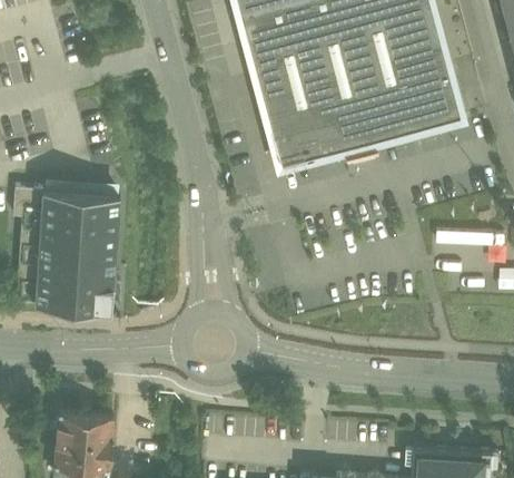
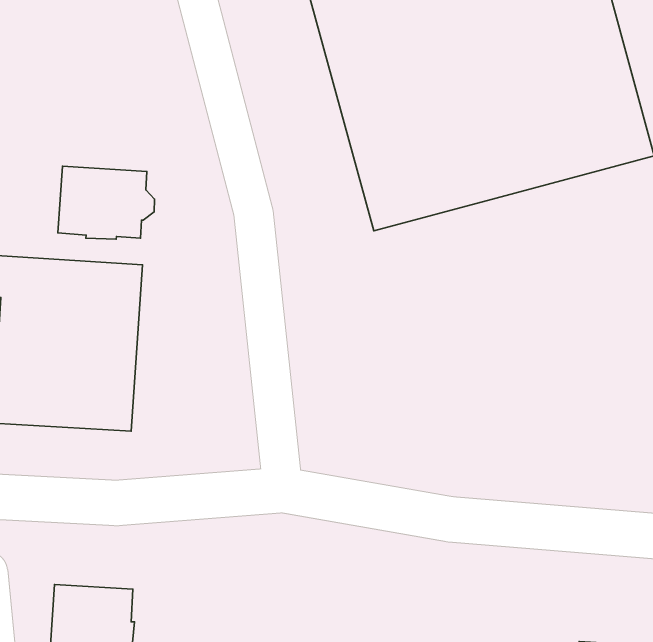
building: none -> [58,166,155,239]

